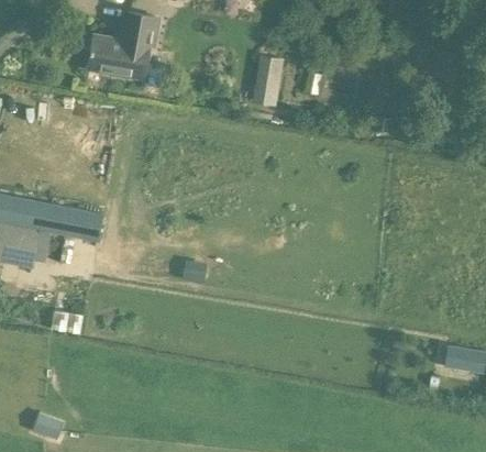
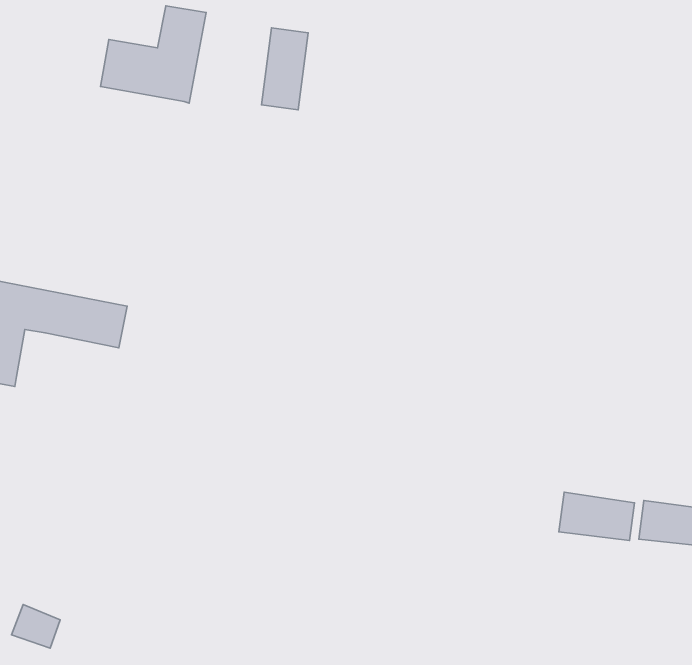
building: [251,53,281,107] -> [261,28,308,110]
building: none -> [559,492,634,541]

